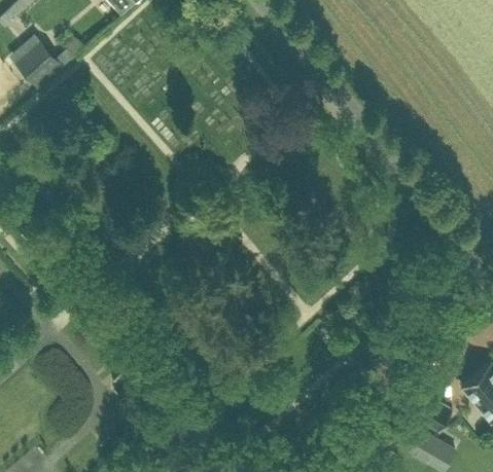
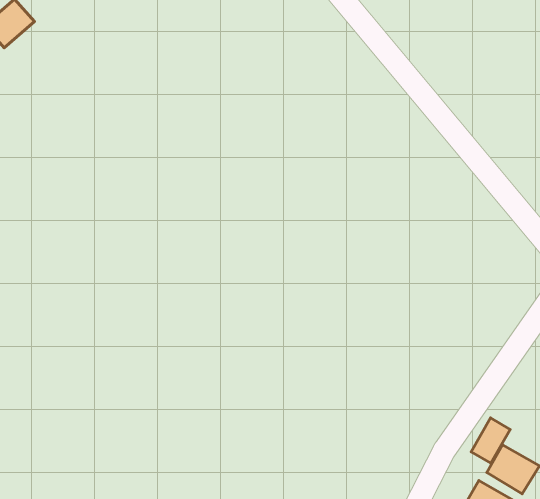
building: none -> [471,418,510,463]

